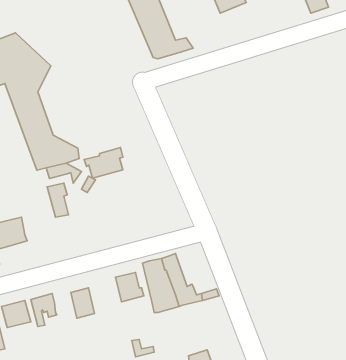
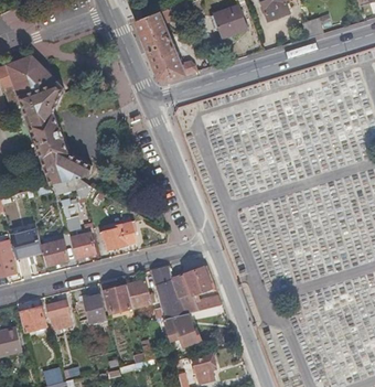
building: [84,148,123,178] -> [99,222,136,250]
building: none -> [67,234,94,258]
building: none -> [40,240,67,266]
building: none -> [184,267,217,294]
building: none -> [101,286,131,314]
building: none -> [164,312,200,344]

